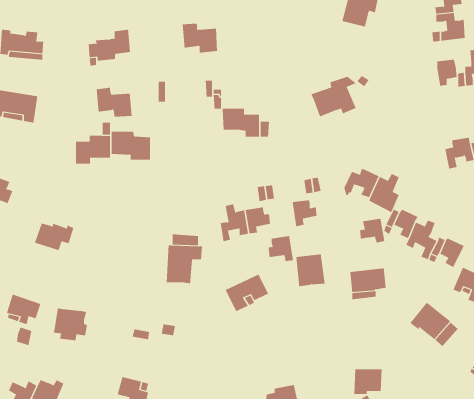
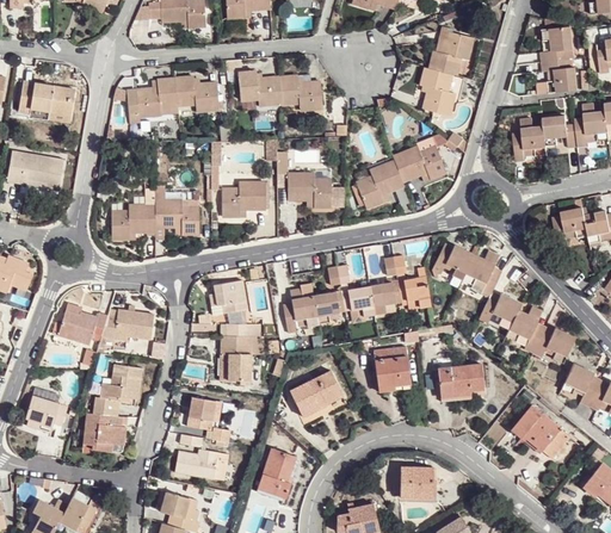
building: none -> [421,68,455,116]
building: none -> [280,74,323,111]
building: none -> [513,117,547,161]
building: [96,87,133,117] -> [175,76,220,112]
building: none -> [357,161,406,207]
building: none -> [222,182,266,217]
building: none -> [209,281,247,316]
building: [359,218,385,243] -> [400,277,431,306]
building: none -> [103,310,159,341]
building: [268,236,294,262] -> [344,285,375,316]
building: none -> [97,364,144,415]
building: none -> [187,399,223,433]
building: none -> [258,447,296,494]
building: none -> [173,453,218,482]
building: [354,369,383,395] -> [400,466,434,497]

